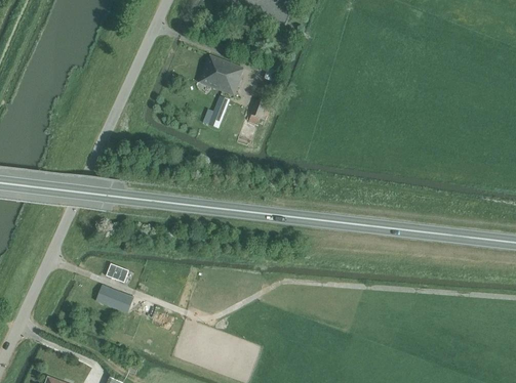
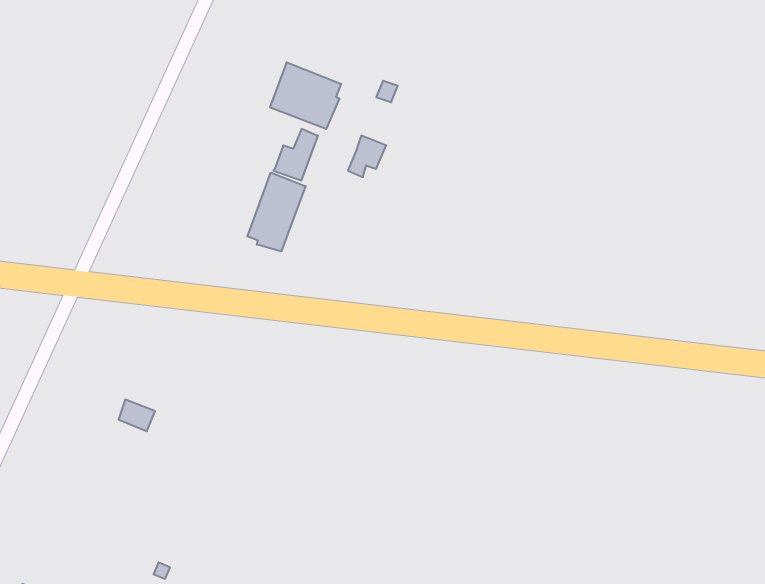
building: none -> [248,173,306,251]
building: [96,284,133,312] -> none

